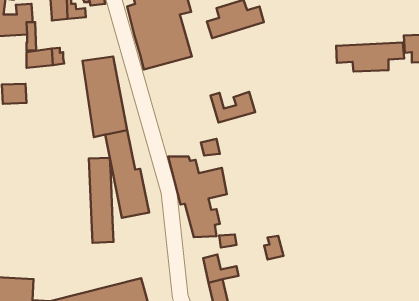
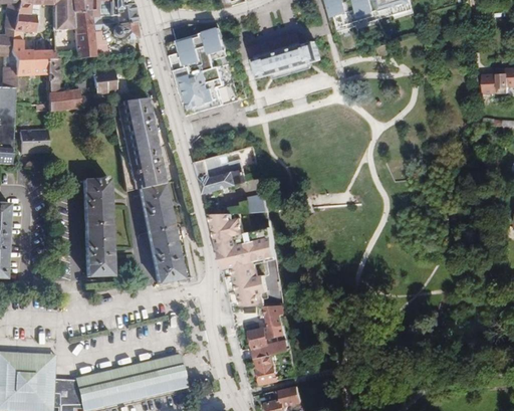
building: none -> [93,70,116,93]
building: [336,43,404,71] -> none
building: [211,92,255,123] -> [197,158,248,193]
building: [89,158,113,243] -> [84,179,112,276]
building: [264,236,283,259] -> [267,316,289,343]

